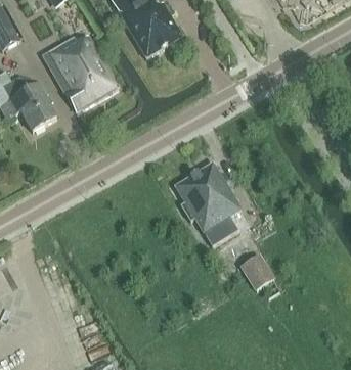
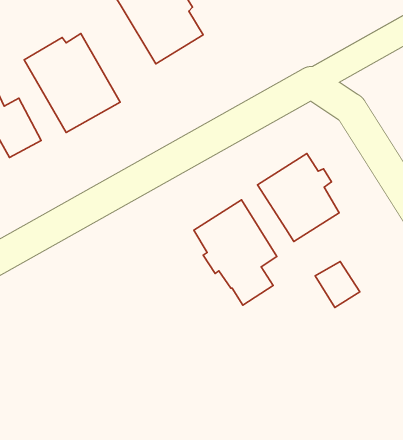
building: none -> [257,153,339,242]
building: [238,253,273,289] -> [315,261,360,308]

